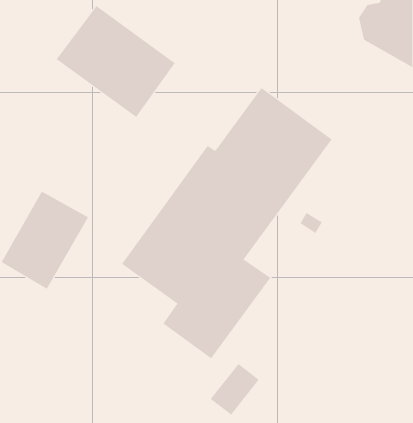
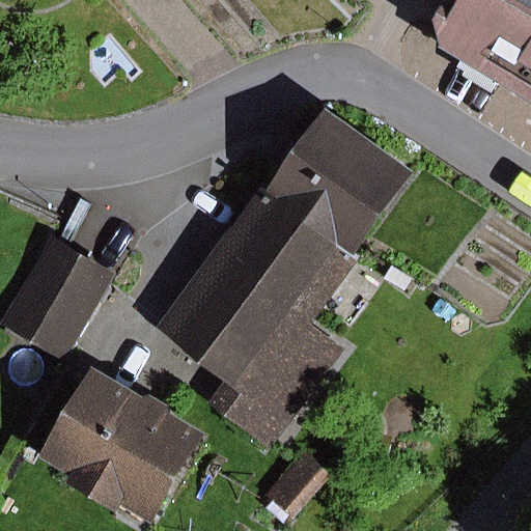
building: [56,5,175,118] -> none
building: none -> [43,367,208,524]

